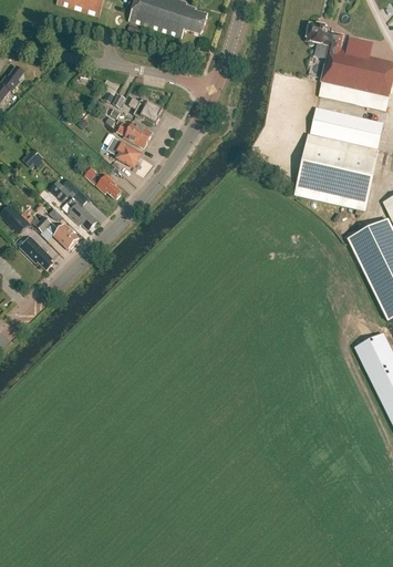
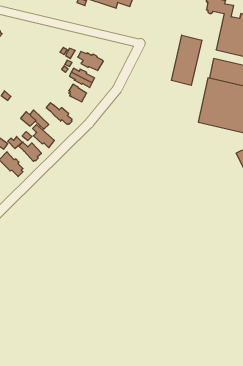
building: none -> [171,35,202,85]

